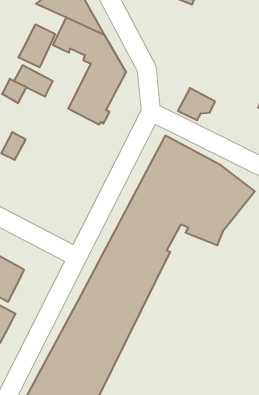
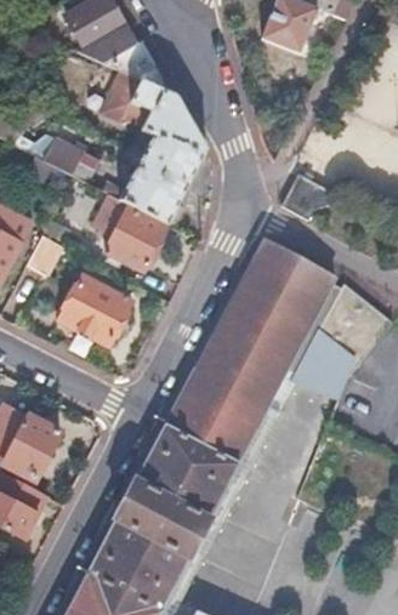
building: [18,24,55,67] -> none
building: none -> [107,206,165,266]
building: none -> [59,275,131,343]

